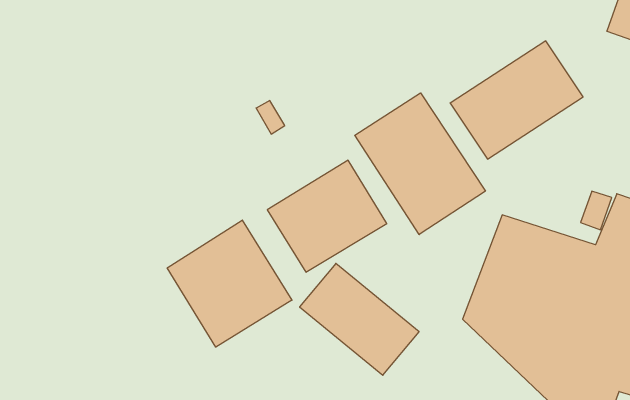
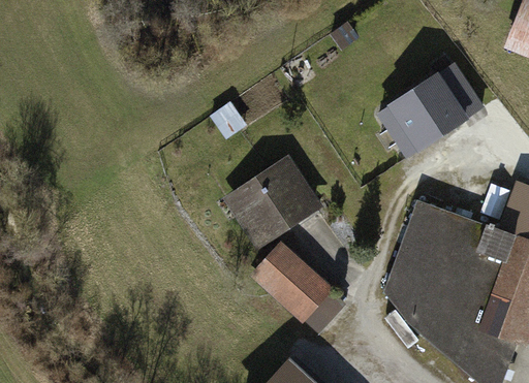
building: [355,93,485,235] -> none
building: [167,220,292,347] -> none

